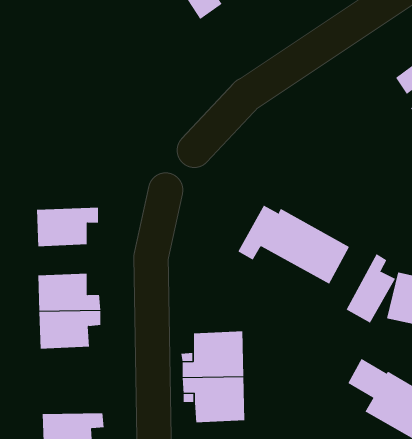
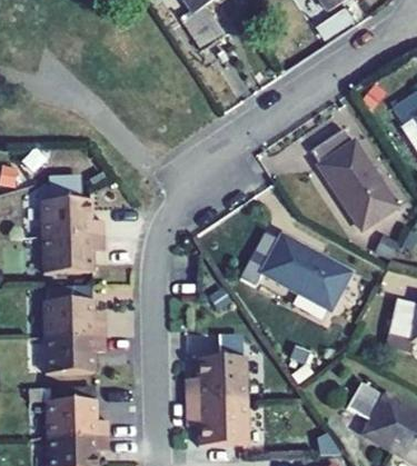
building: none -> [310,129,396,229]
building: none -> [41,176,103,236]
building: [346,253,396,323] -> none
building: none -> [47,398,108,436]

